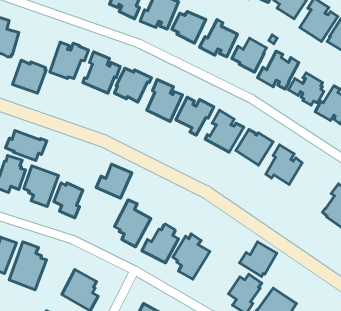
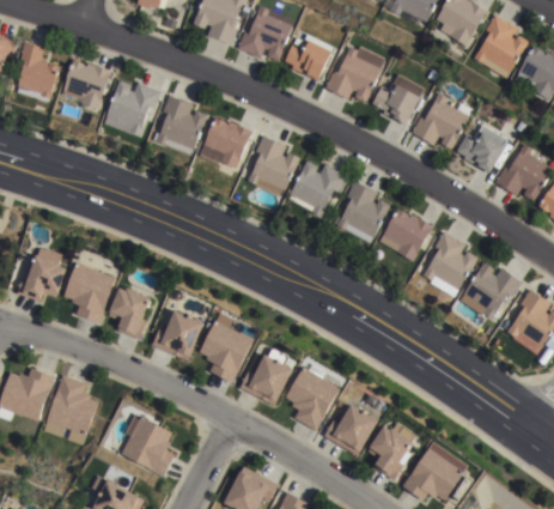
building: [12,60,46,93] -> [60,59,110,108]
building: [6,130,47,160] -> none
building: [96,164,132,198] -> [151,310,203,360]
building: none -> [459,262,522,319]
building: [240,242,277,277] -> [324,405,379,456]

